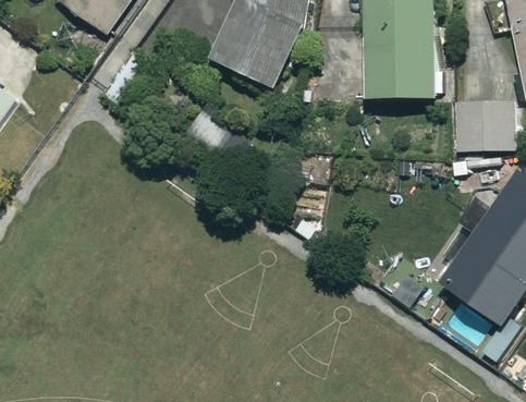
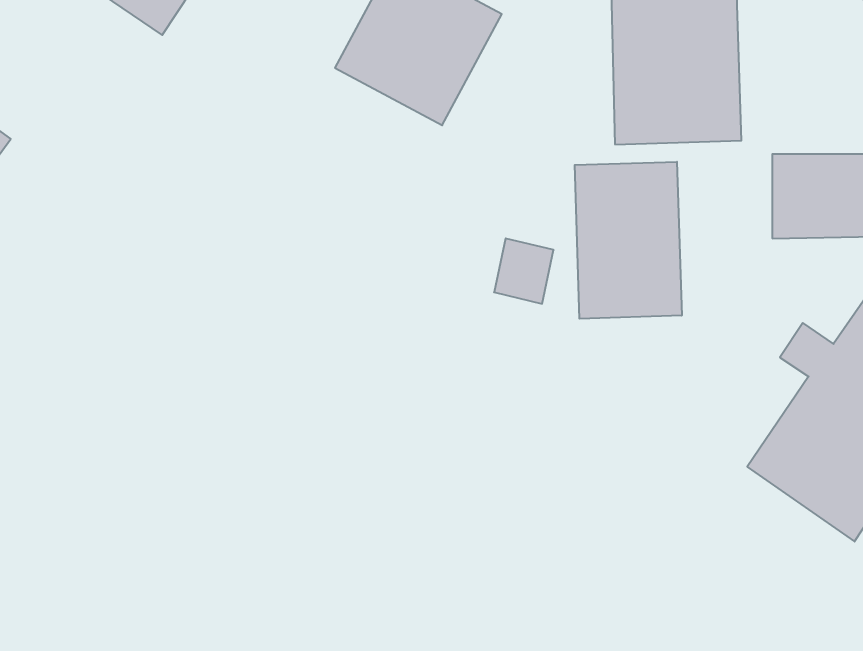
building: none -> [575,162,682,319]

